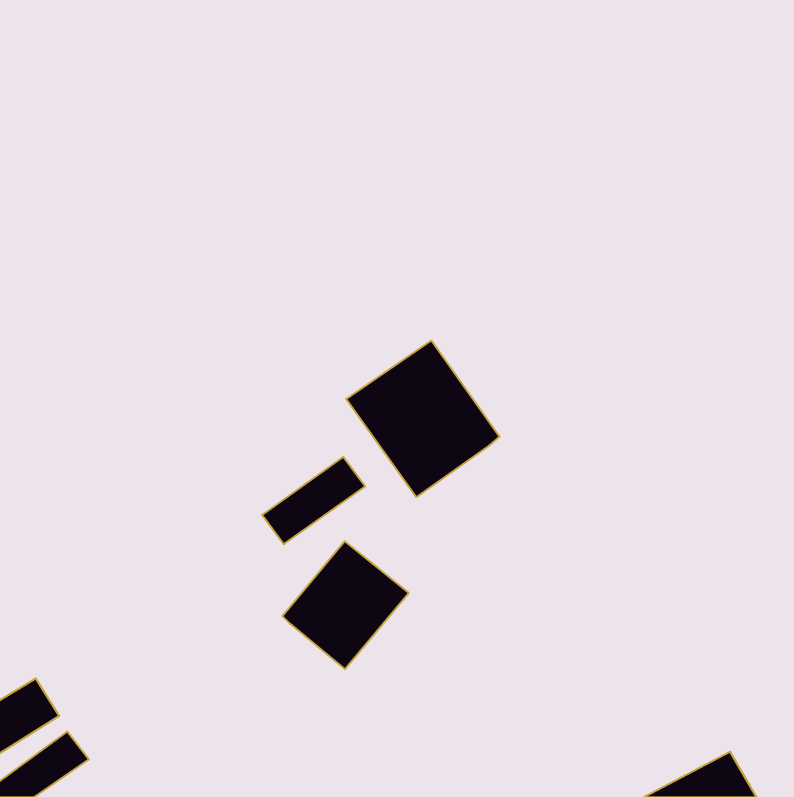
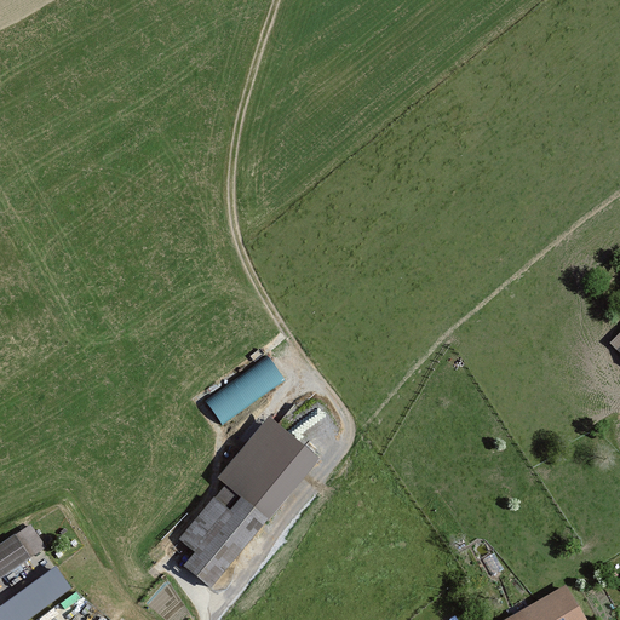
building: [346,341,500,497] -> none
building: none -> [178,484,268,590]

